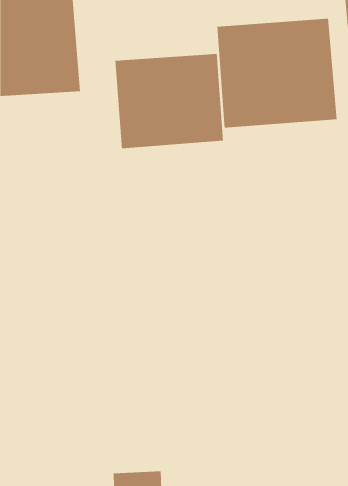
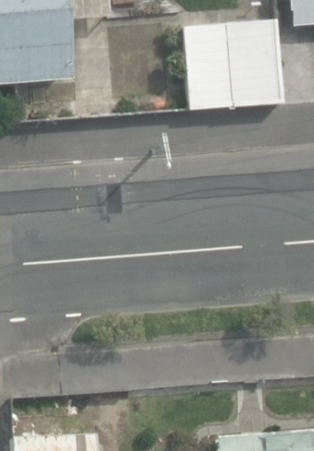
building: [115,53,224,149] -> none

